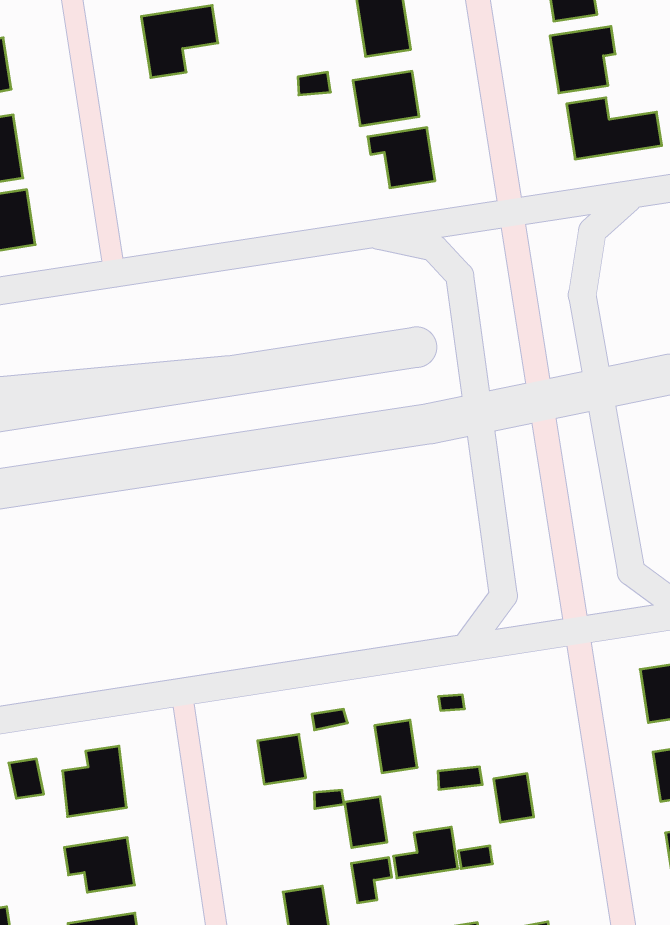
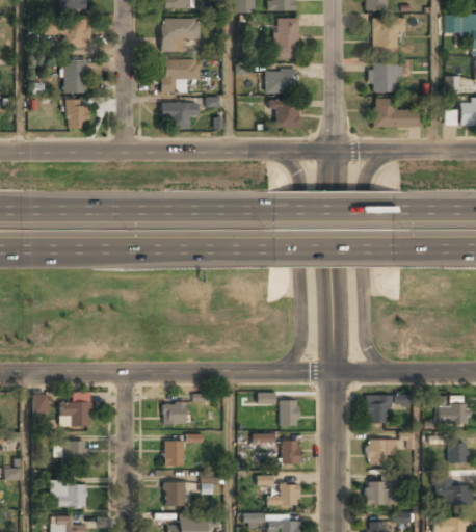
building: none -> [161,60,199,92]
building: none -> [161,103,197,130]
building: [375,720,417,773] -> [280,401,298,426]
building: [345,797,387,848] -> [164,441,183,464]
building: [393,827,458,878] -> [267,484,299,506]

